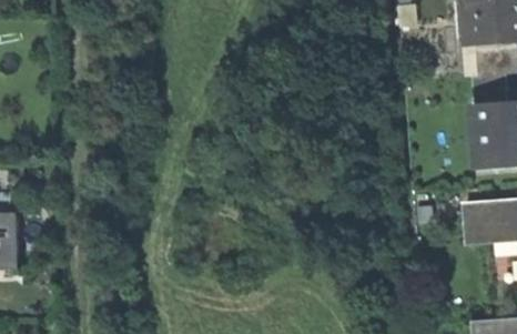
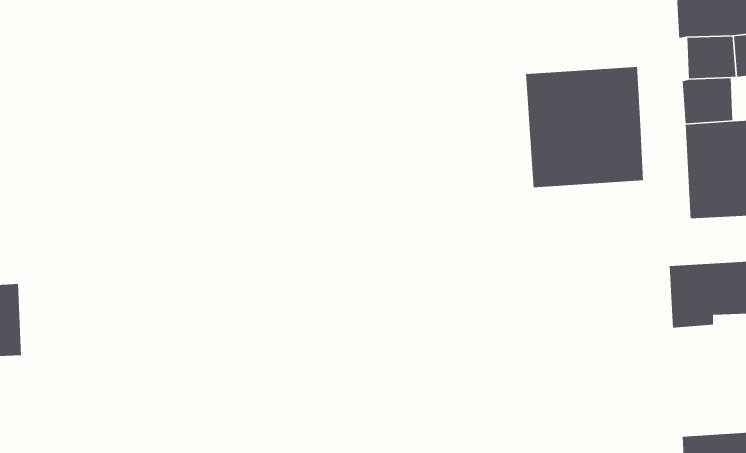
building: none -> [525,66,644,188]

